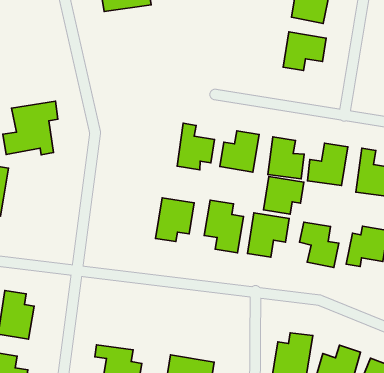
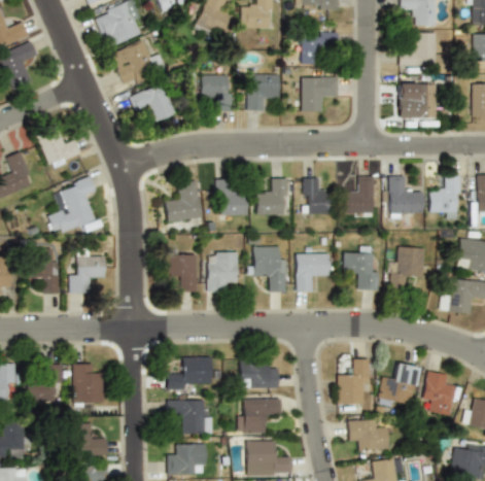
building: none -> [202,75,233,110]
building: none -> [129,82,177,124]
building: none -> [248,74,279,110]
building: none -> [36,125,80,168]
building: none -> [165,181,202,222]
building: [264,177,304,214] -> none
building: none -> [69,255,105,295]
building: none -> [164,251,197,293]
building: none -> [167,357,212,388]
building: none -> [240,359,278,388]

